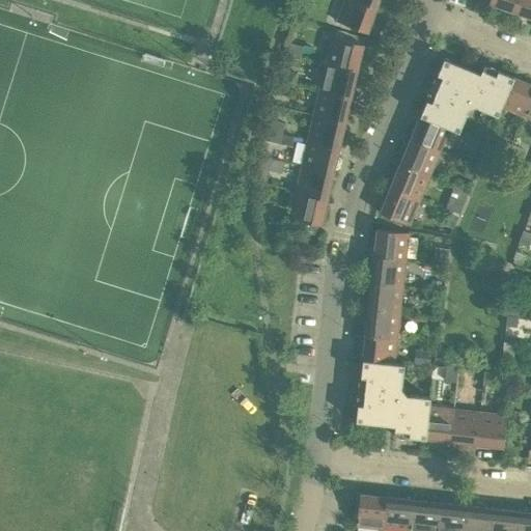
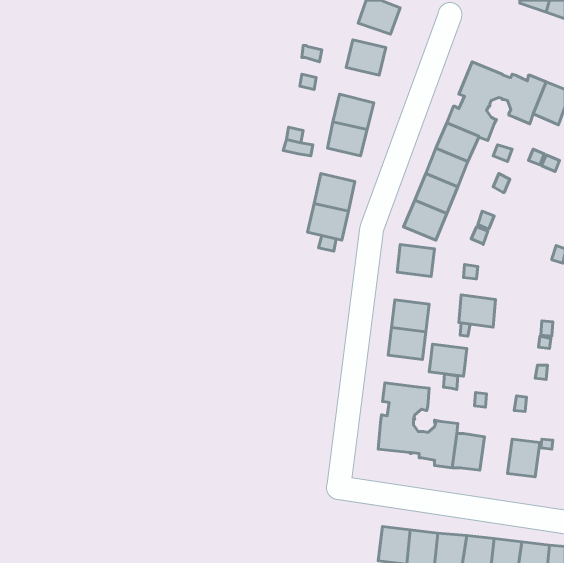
building: [319,65,357,99] -> none
building: [302,141,339,172] -> none
building: [371,257,406,287] -> [459,295,495,327]
building: [362,335,397,365] -> [429,344,467,376]
building: [451,412,481,446] -> none

